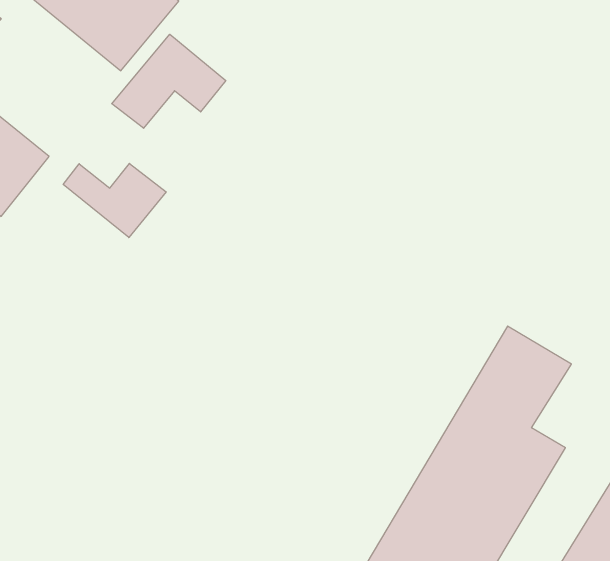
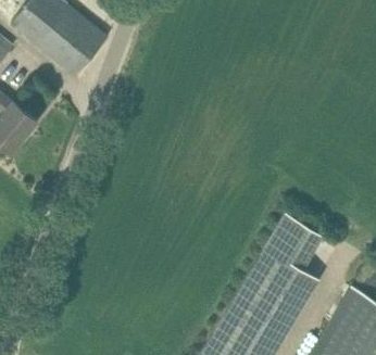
building: [112,34,226,128] -> none
building: [63,163,166,238] -> none

